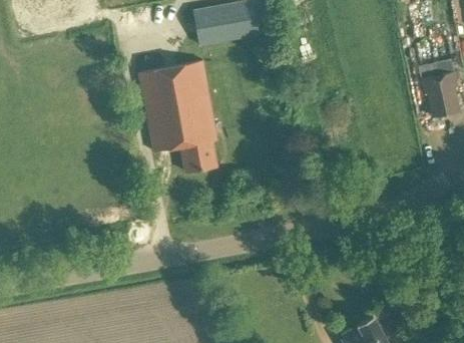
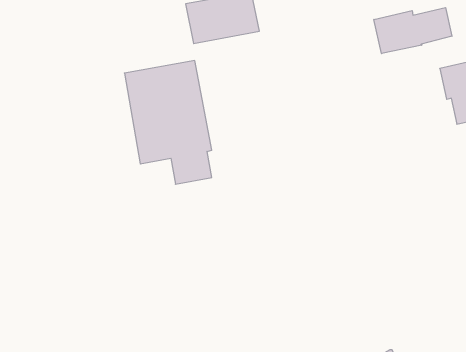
building: none -> [374,8,452,54]

